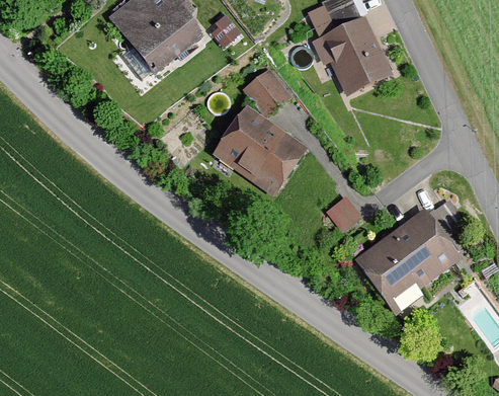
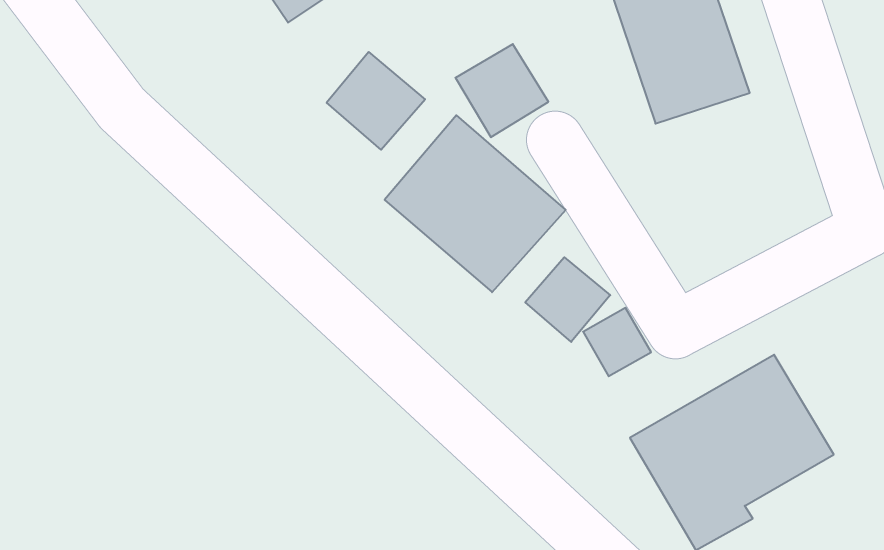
building: none -> [327,52,425,150]
building: none -> [525,257,610,342]

